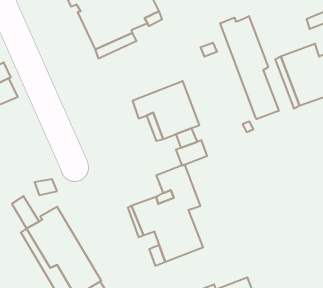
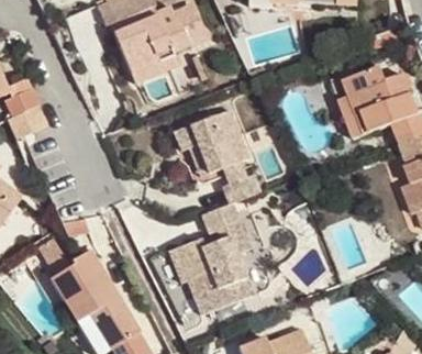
building: [220,16,279,119] -> none

